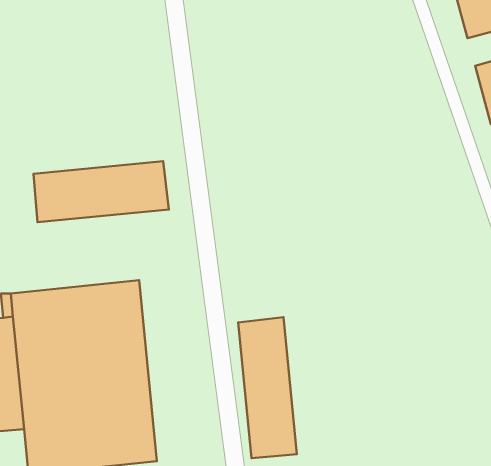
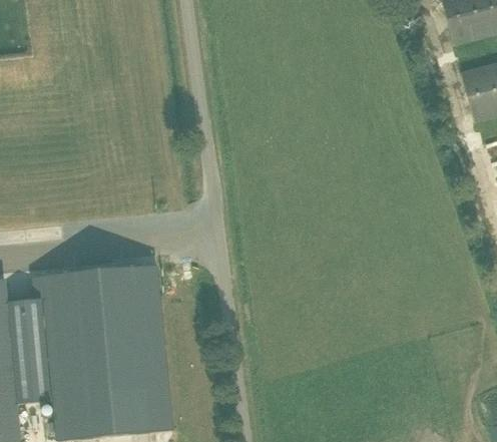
building: [33,161,169,222] -> none
building: [238,317,297,458] -> none

